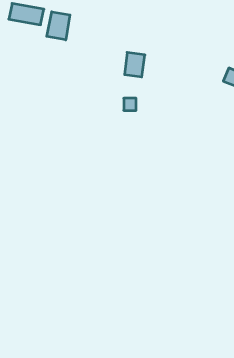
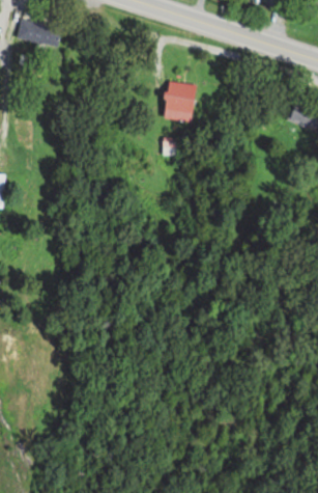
building: [47,12,70,40] -> none

